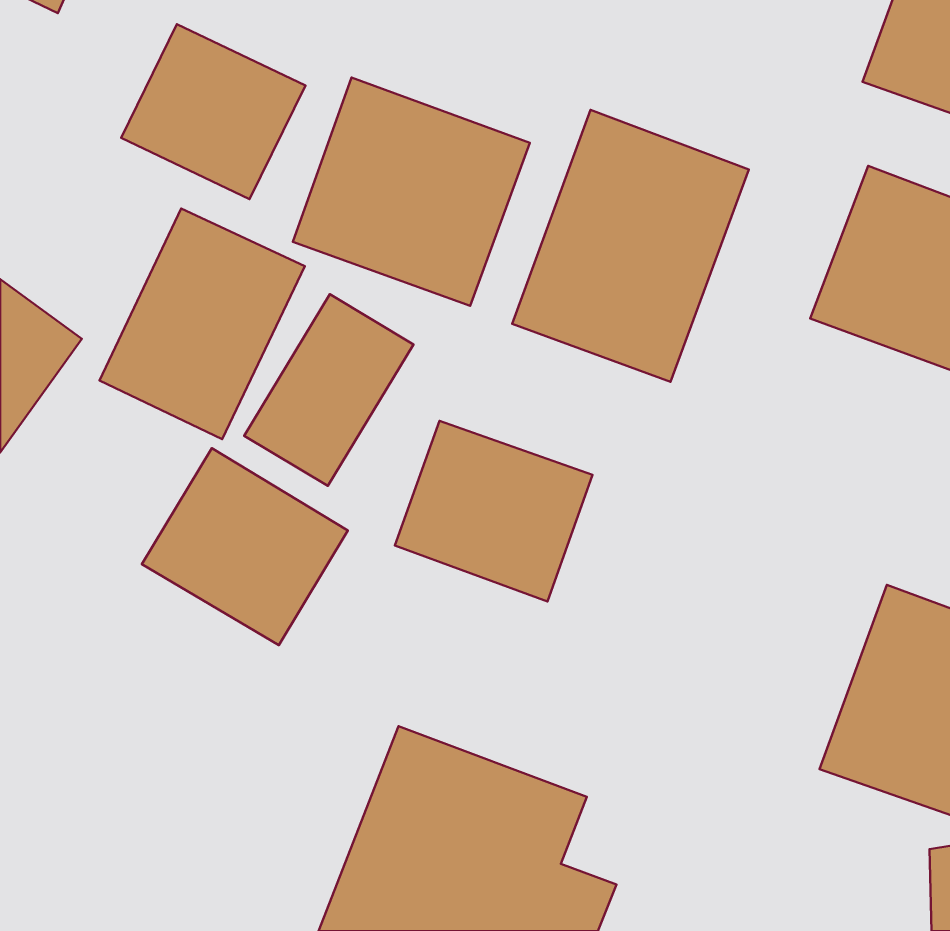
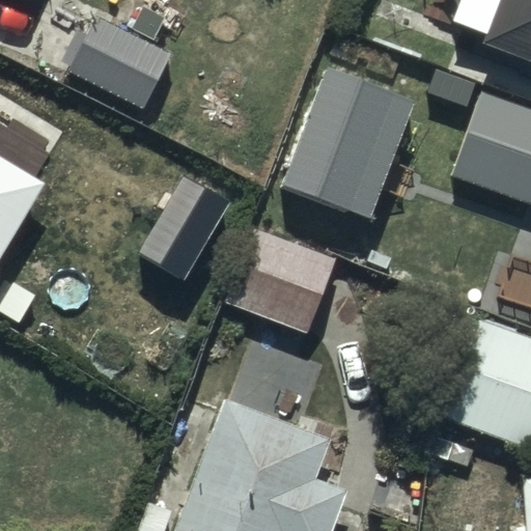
building: [293,78,530,306] -> none
building: [99,209,305,439] -> none
building: [142,448,348,645] -> none

